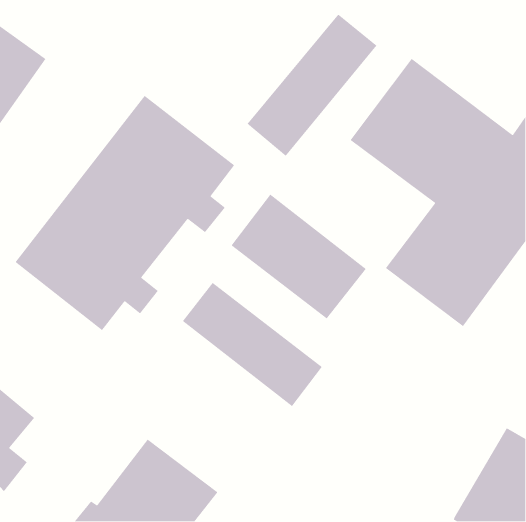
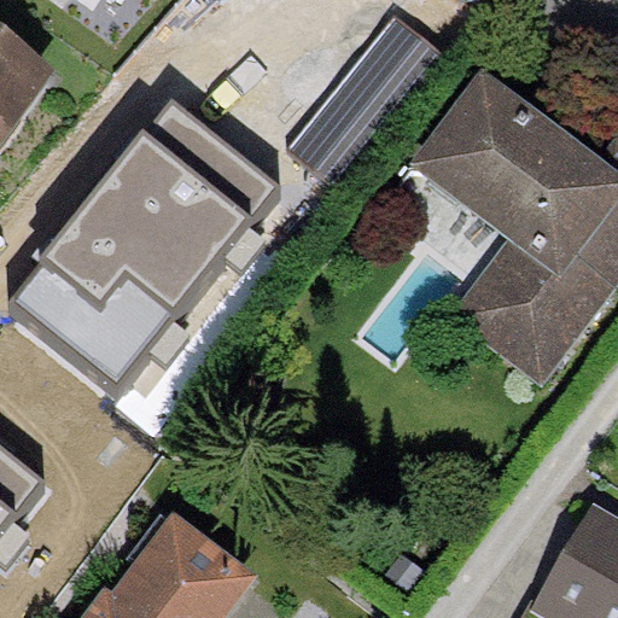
building: [231,194,367,319] -> none
building: [182,282,323,407] -> none

